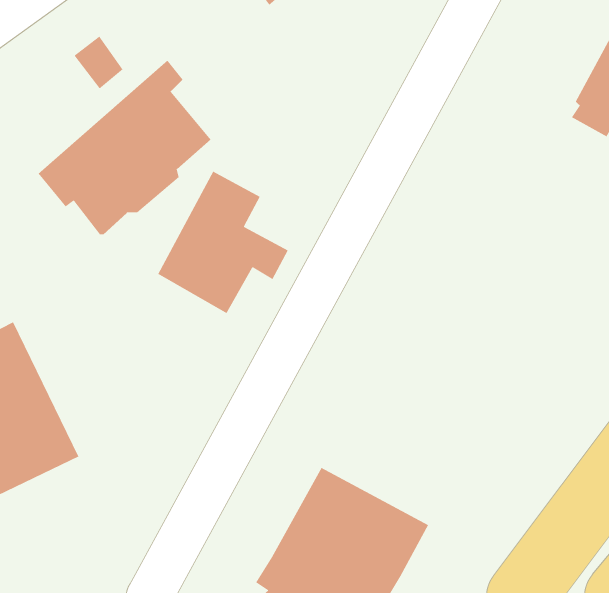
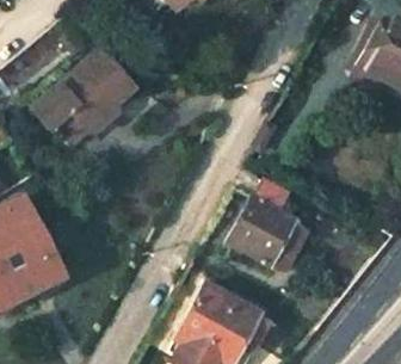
building: [157,170,289,314] -> [227,178,306,264]

